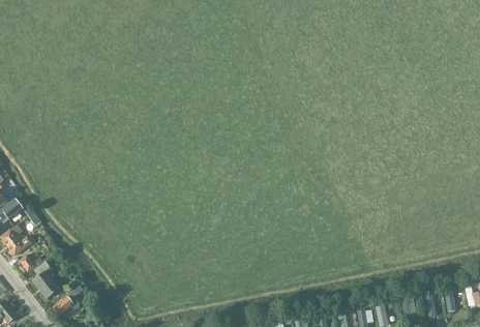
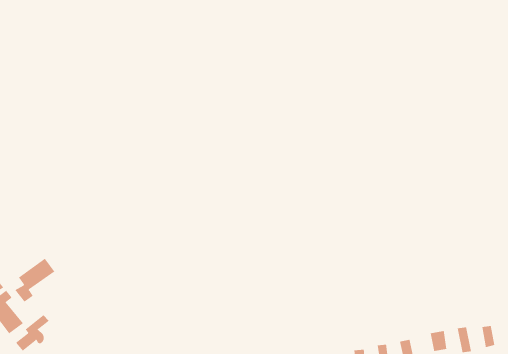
building: none -> [15,258,55,302]

